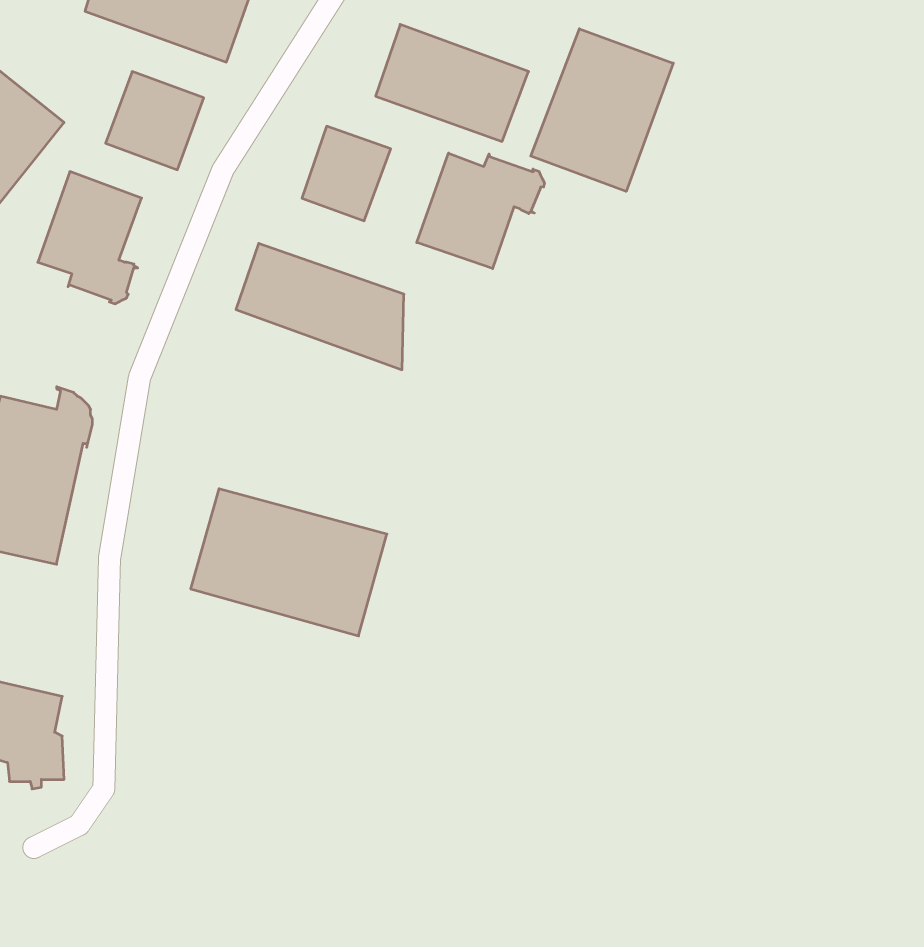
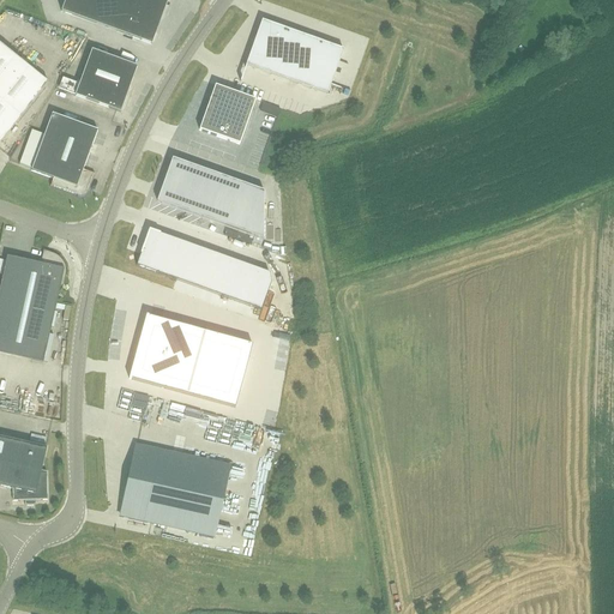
building: [531,29,673,191] -> none
building: [417,153,544,269] -> none
building: none -> [137,227,271,307]
building: none -> [120,443,229,534]

